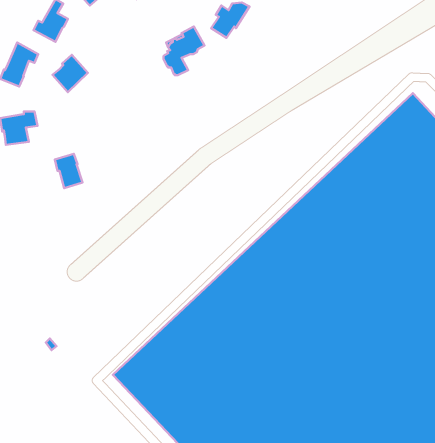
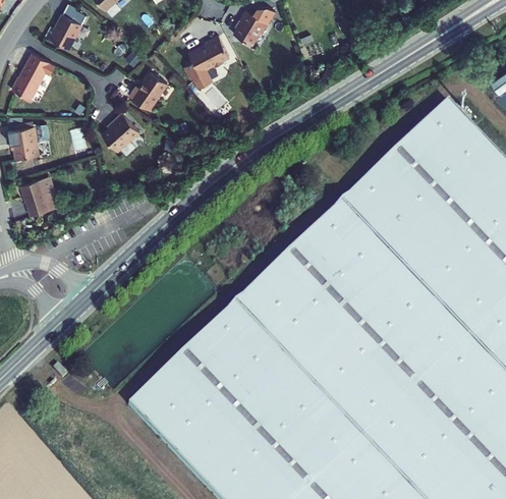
building: [53,55,88,92] -> [101,112,138,152]
building: none -> [128,72,167,110]
building: [55,154,82,188] -> [20,179,50,216]

